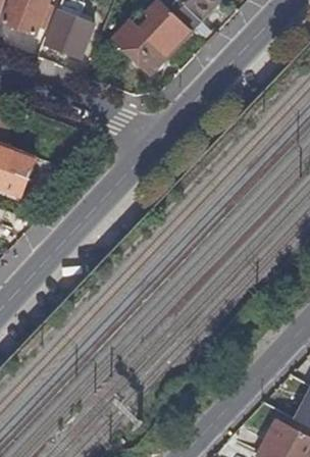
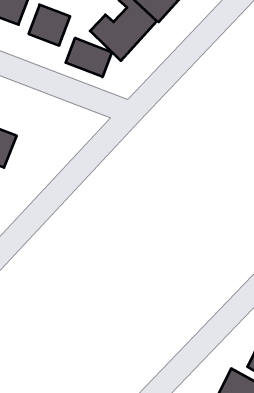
building: none -> [66,38,112,77]

